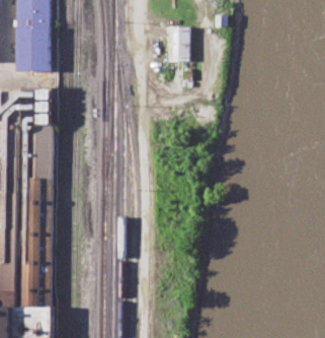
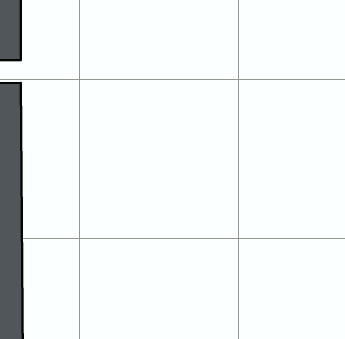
building: [167,28,188,64] -> none

